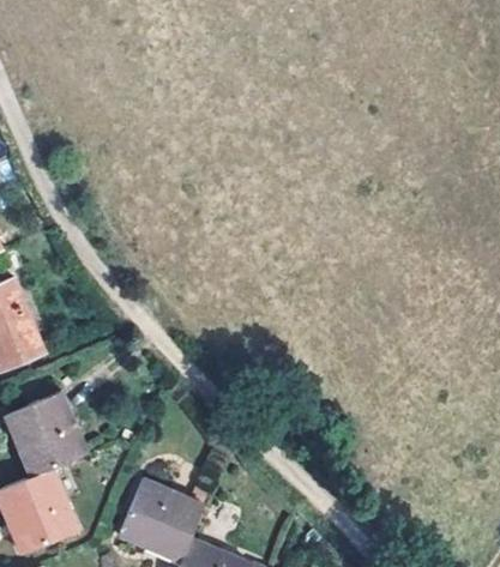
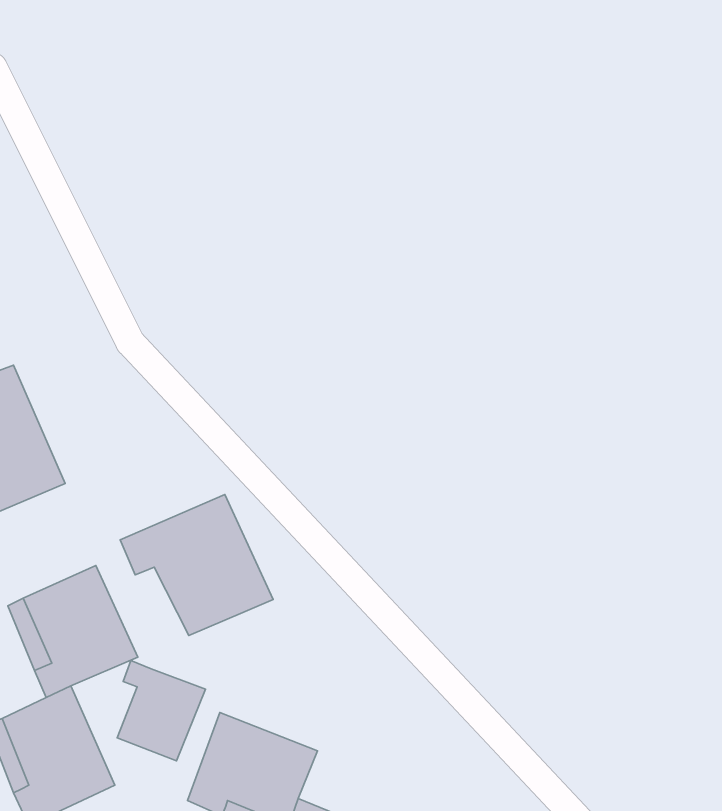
building: none -> [120,494,273,635]
building: none -> [117,661,206,761]

